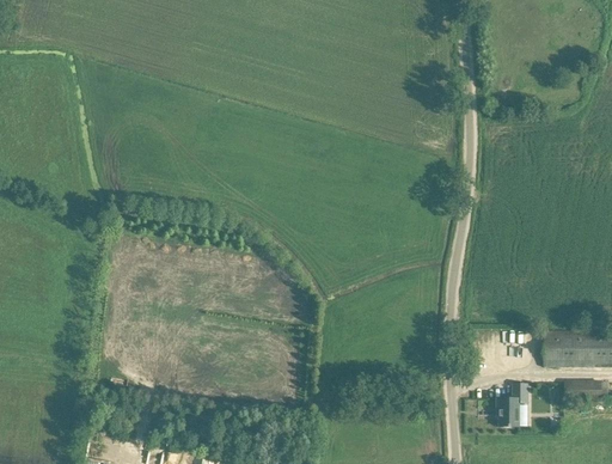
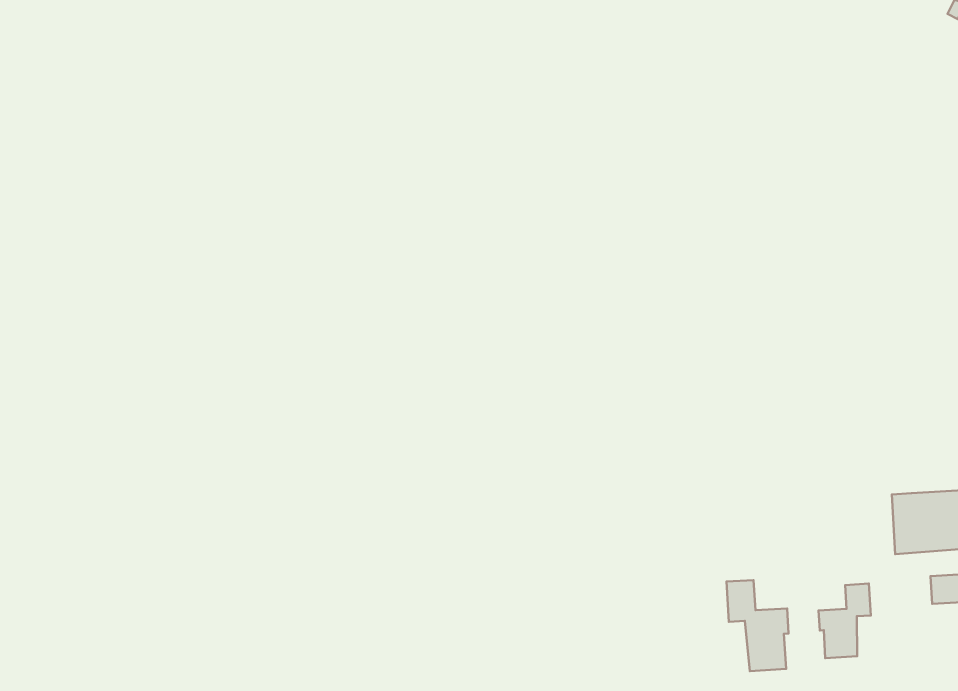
building: none -> [727,580,788,671]

